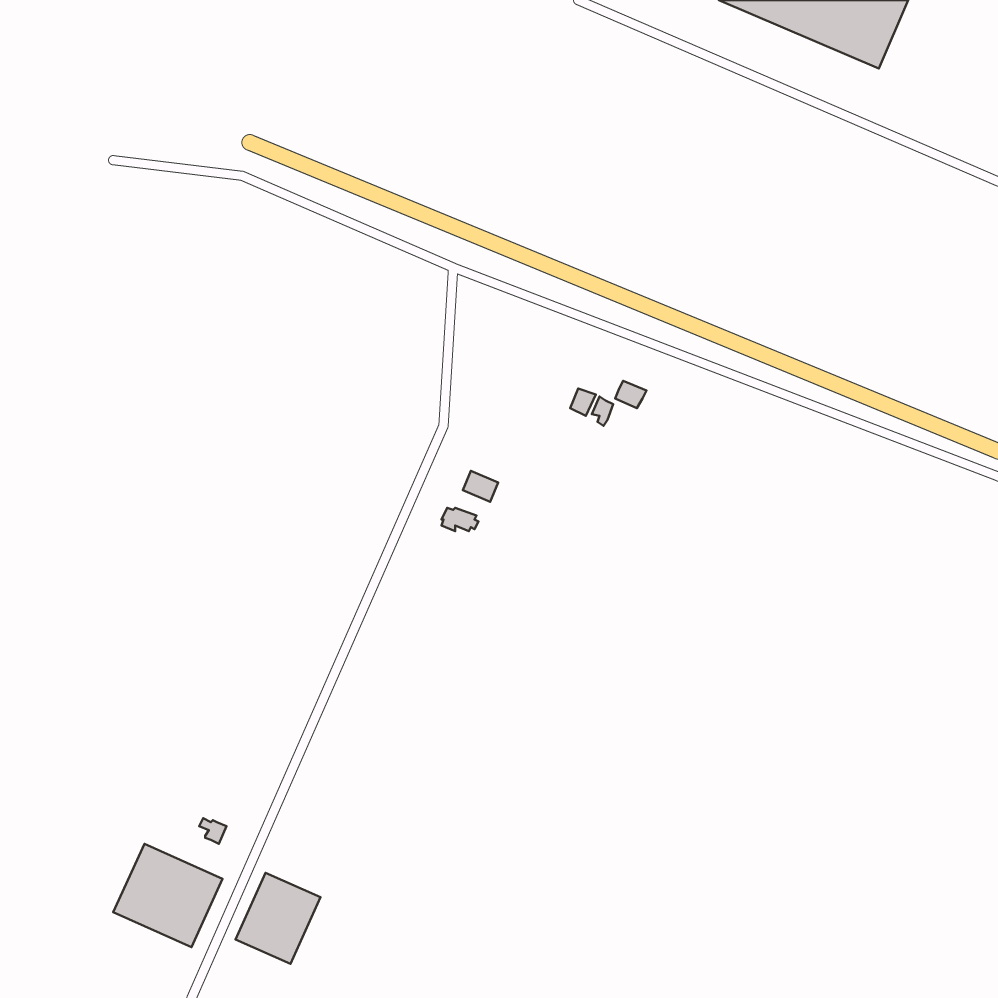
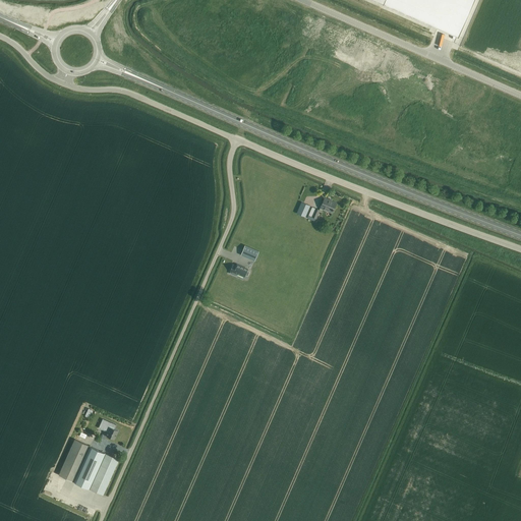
building: [235,873,320,964] -> none

